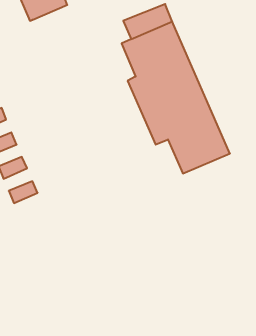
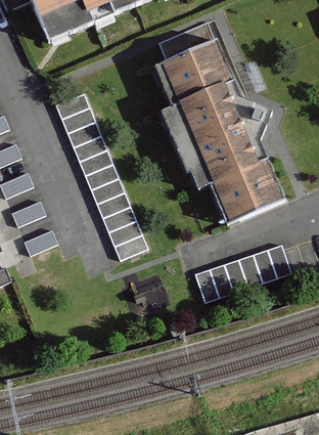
building: none -> [55,93,147,258]
building: none -> [195,245,291,302]

